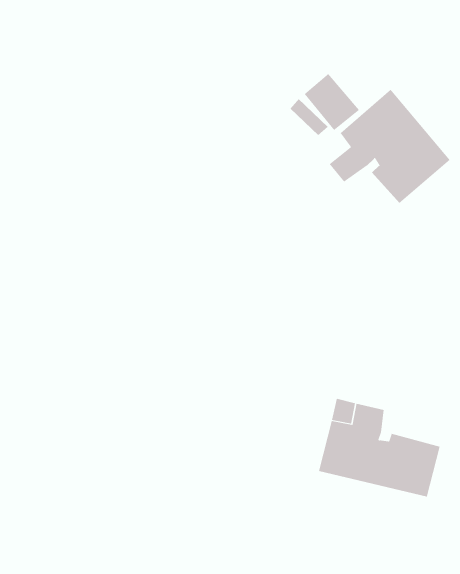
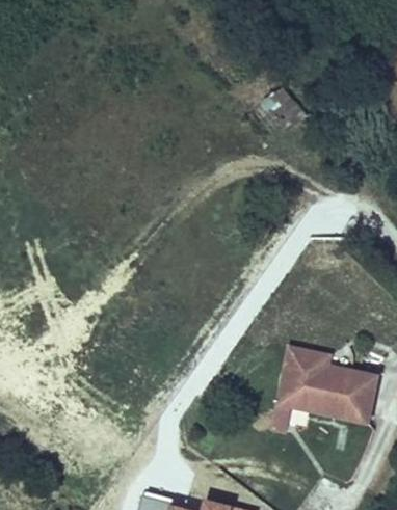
building: [329,89,450,204] -> none

